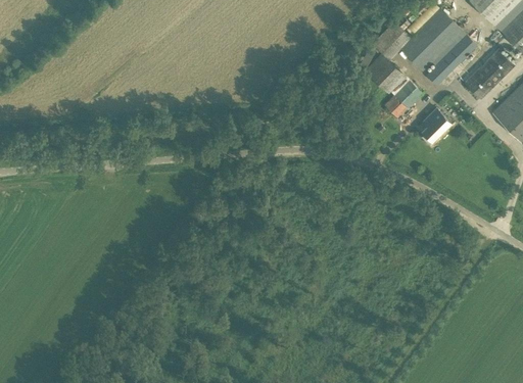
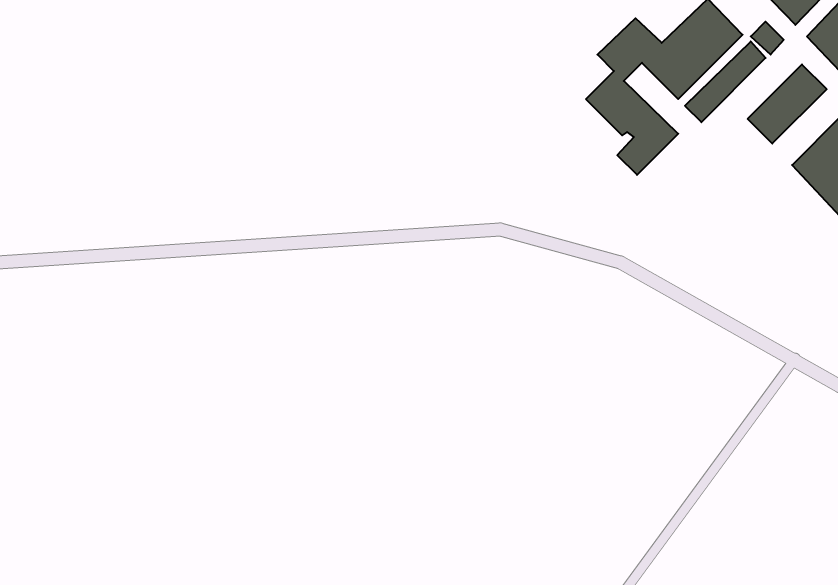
building: [422,109,449,142] -> none

